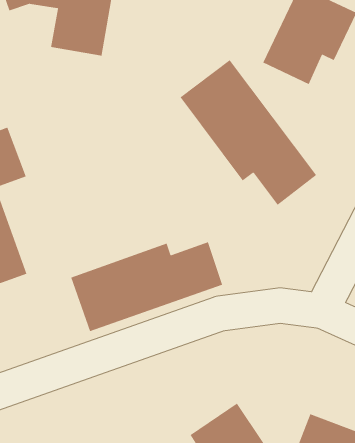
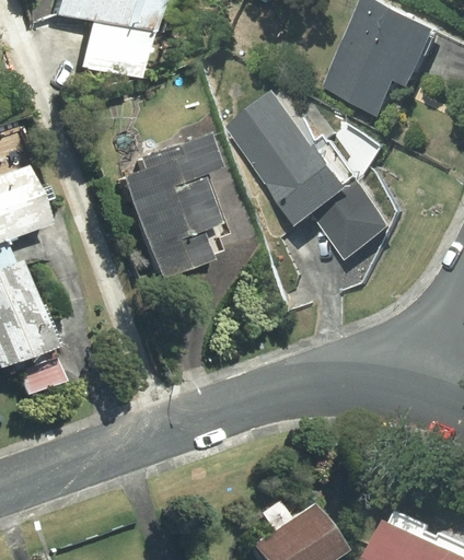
building: none -> [117,125,220,281]
building: [70,241,223,332] -> none

